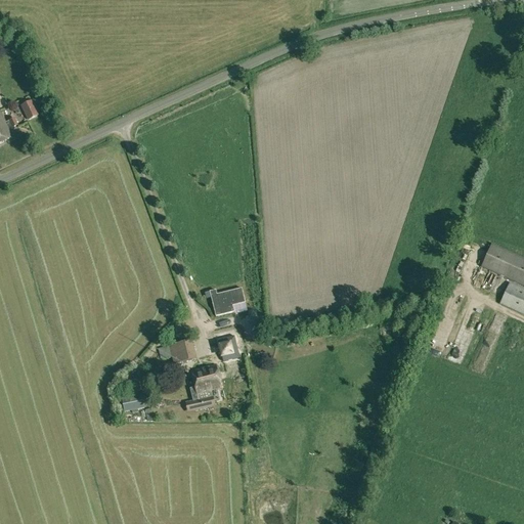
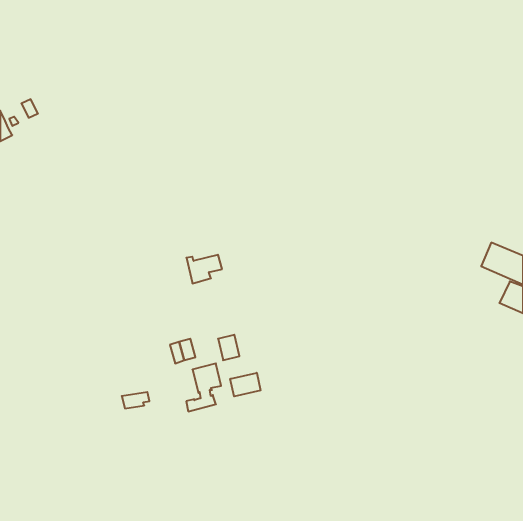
building: [210,287,246,315] -> [186,255,222,283]
building: none -> [230,373,261,396]

